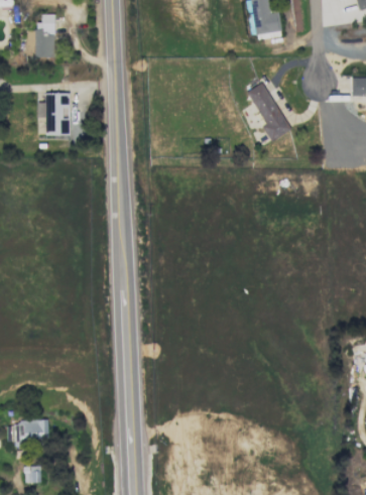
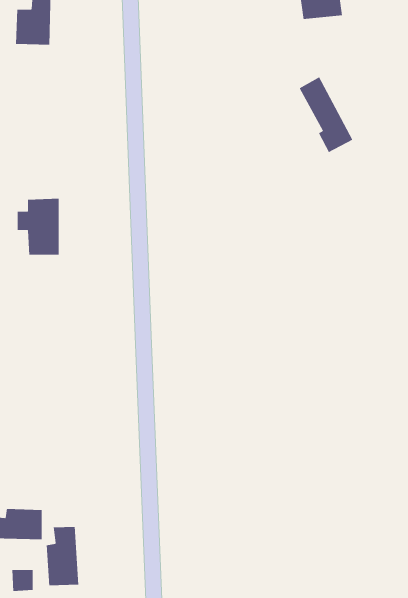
building: [38,92,72,136] -> [17,198,60,255]
building: none -> [46,526,79,586]

